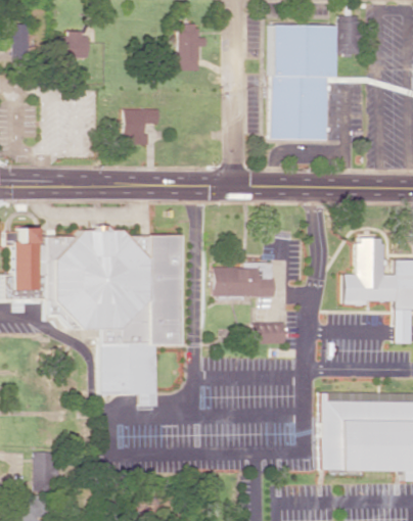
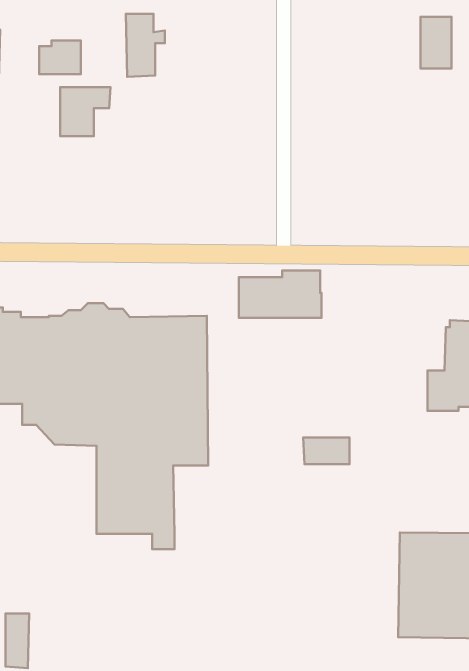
building: [179,26,208,72] -> [126,14,165,77]
building: [269,26,332,140] -> none
building: [123,109,159,145] -> [60,87,111,136]
building: [212,263,272,297] -> [239,270,321,318]

